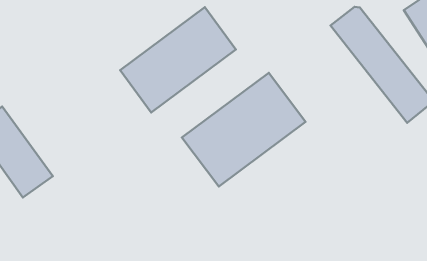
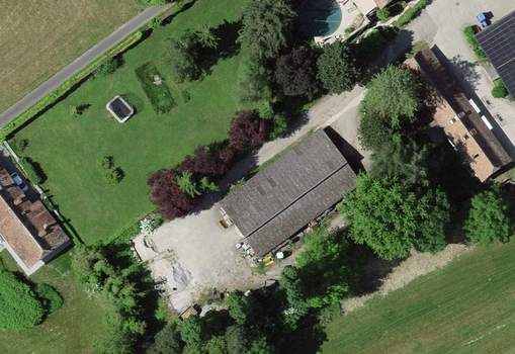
building: [120,7,236,113] -> none

